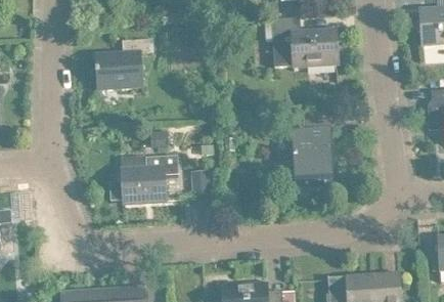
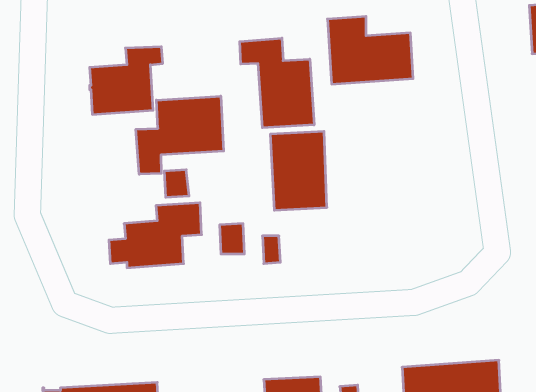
building: none -> [240,38,314,128]
building: none -> [136,96,224,174]
building: [291,126,332,184] -> [270,131,327,210]

